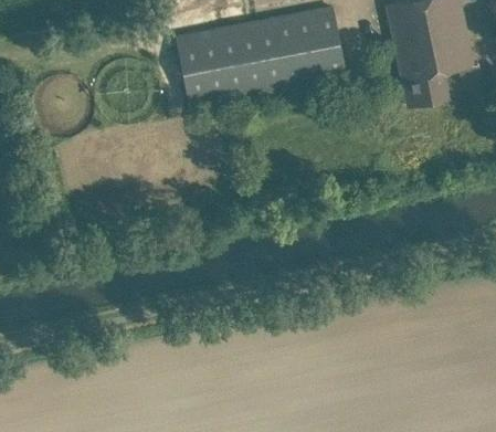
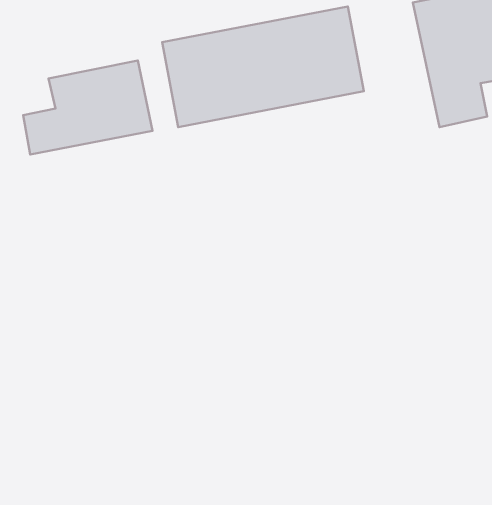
building: none -> [23,60,153,154]

